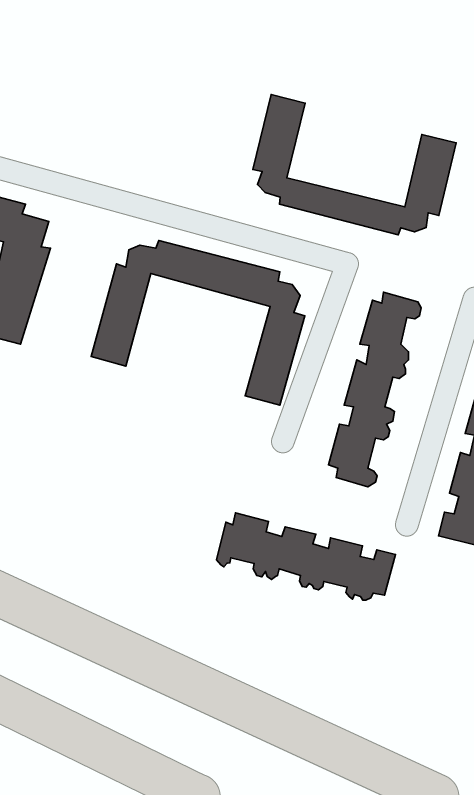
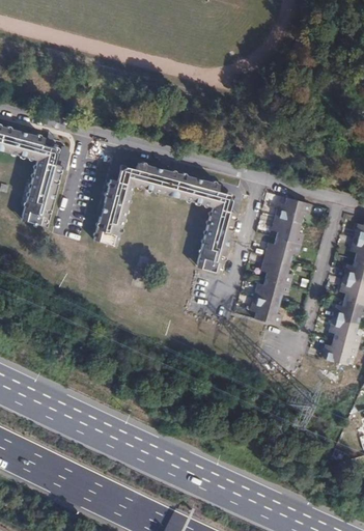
building: [253,95,456,235] -> none
building: [216,513,395,600] -> none

